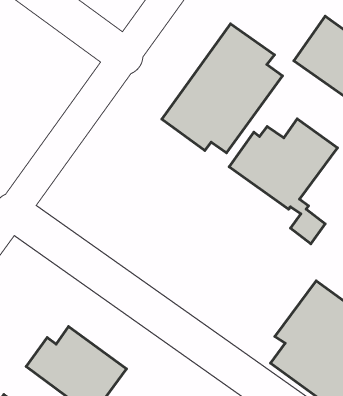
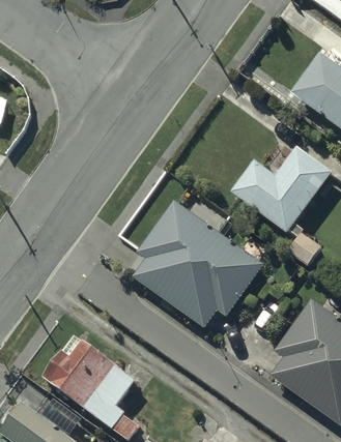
building: [162,24,282,153] -> none
building: none -> [132,200,262,327]

